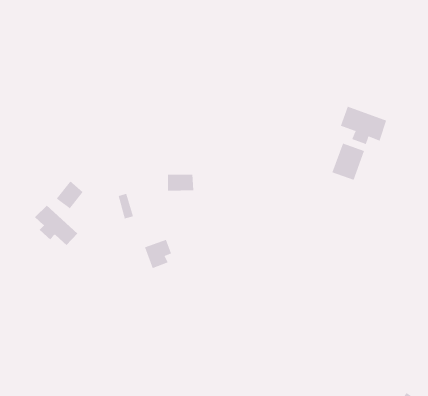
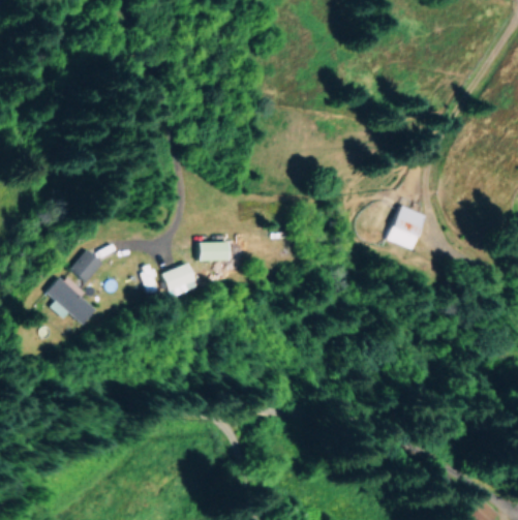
building: [340,106,387,145] -> none
building: [144,239,172,269] -> [162,264,194,298]

